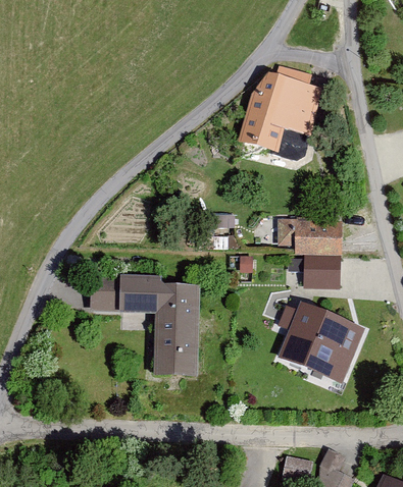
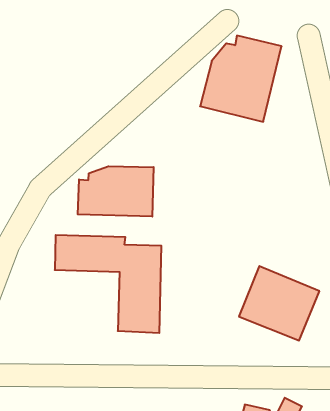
building: none -> [78,166,154,217]
building: [279,219,340,286] -> none

